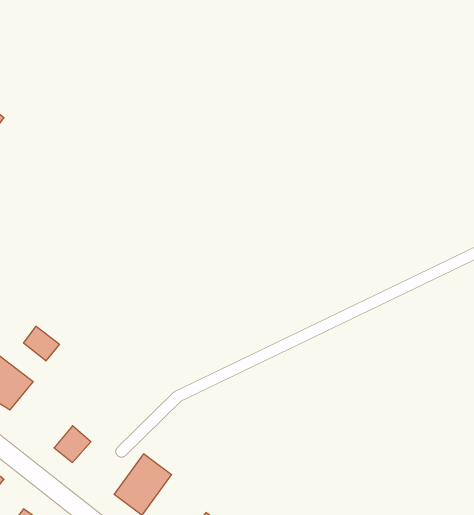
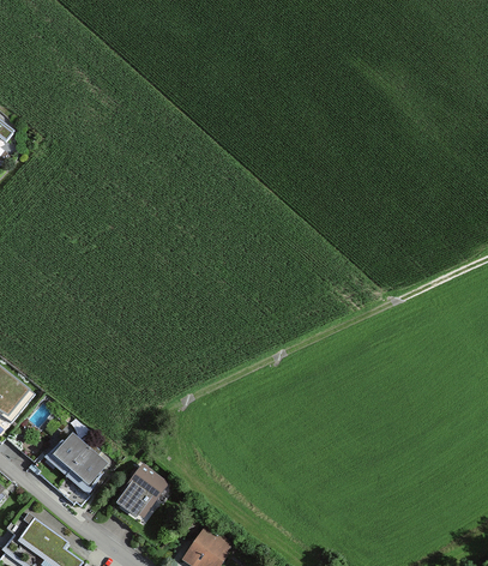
building: [24,326,59,361] -> none
building: none -> [74,451,110,487]

